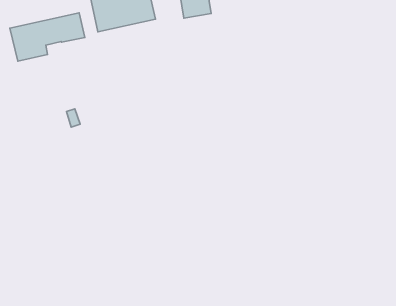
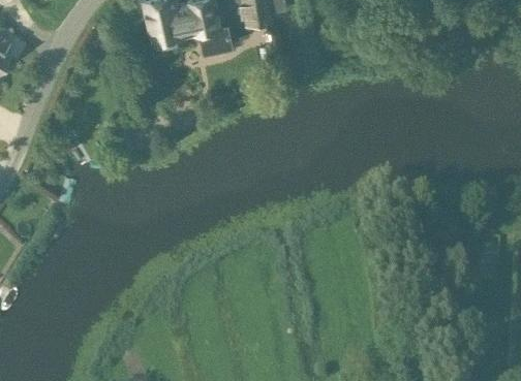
building: [10,13,85,61] -> none

